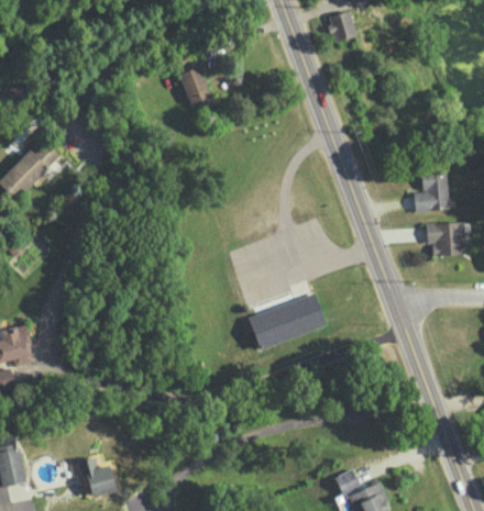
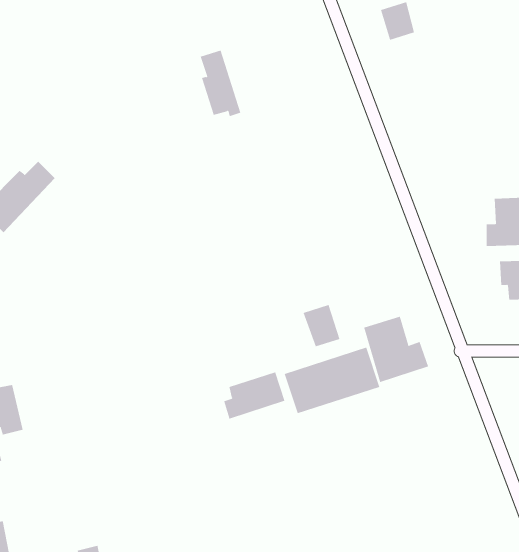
building: none -> [303,304,340,347]
building: none -> [364,316,429,383]
building: none -> [224,371,285,420]

